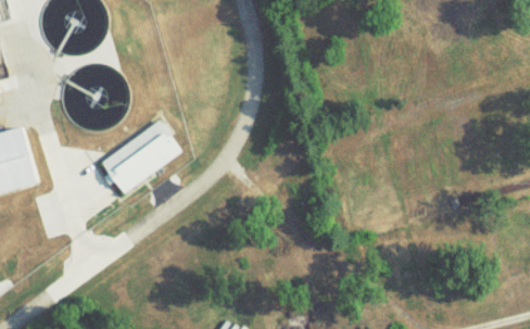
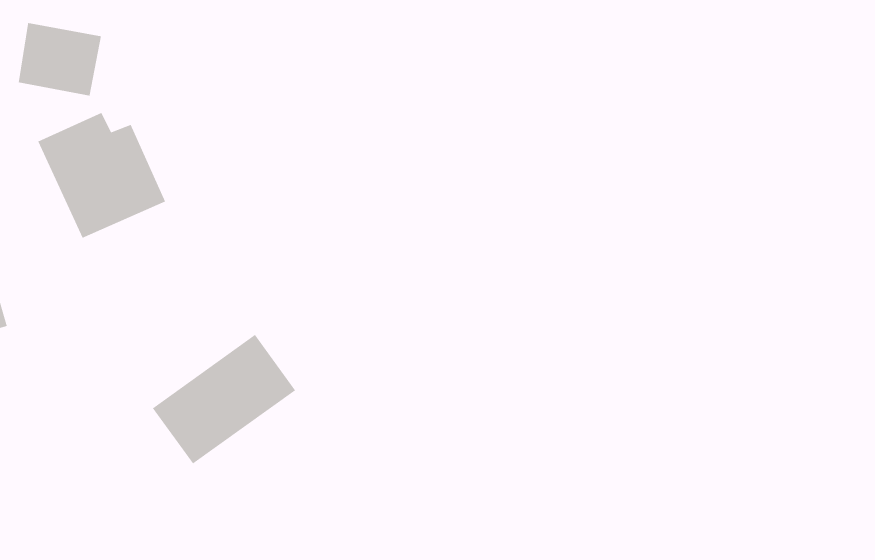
building: [101,119,181,192] -> [152,334,296,465]

